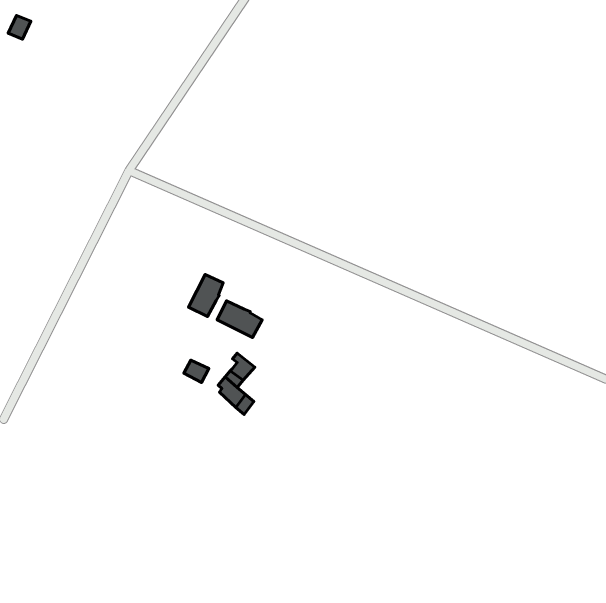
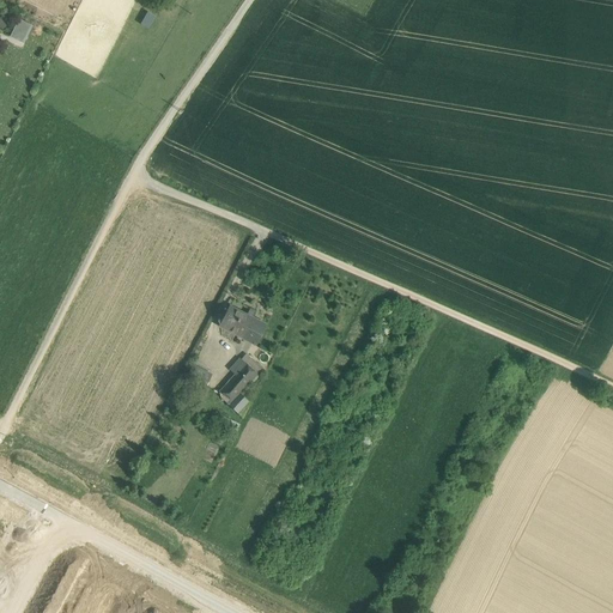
building: [189,274,223,317] -> none

